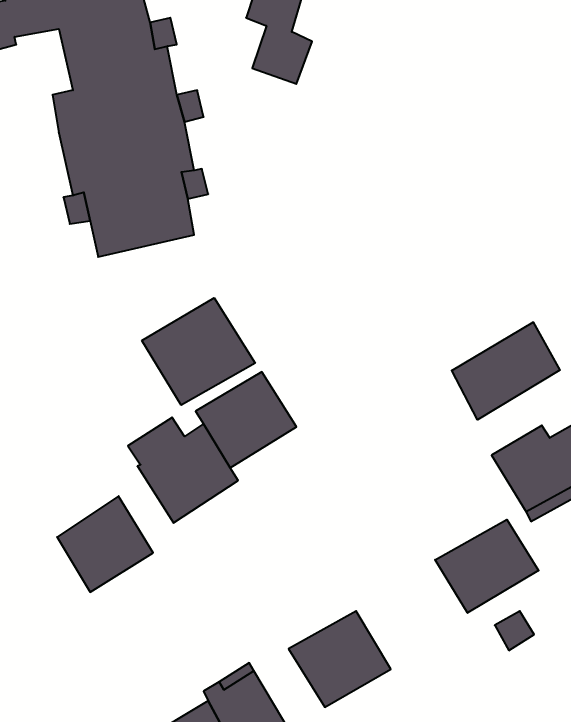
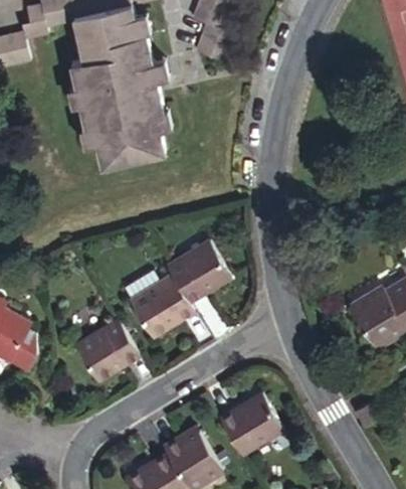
building: [142,298,255,405] -> none
building: [452,322,560,420] -> none
building: [435,520,539,613] -> none

